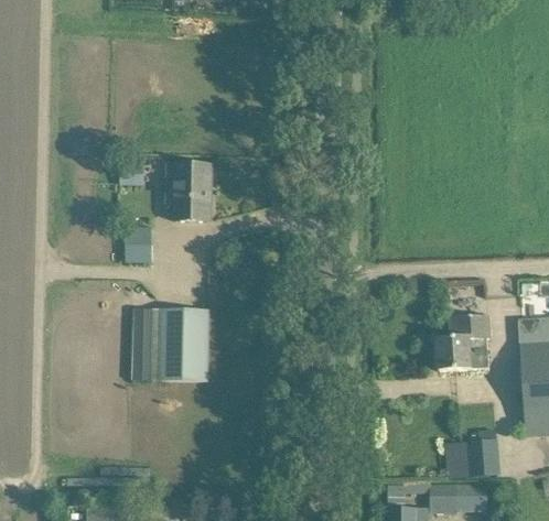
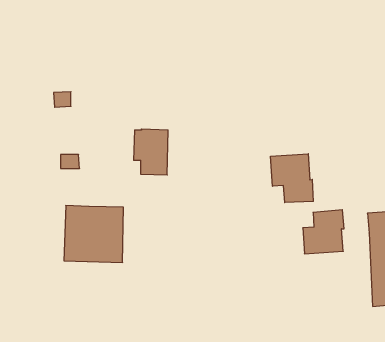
building: [166,163,211,221] -> [134,129,168,175]
building: none -> [271,154,313,203]
building: [446,432,502,477] -> none

